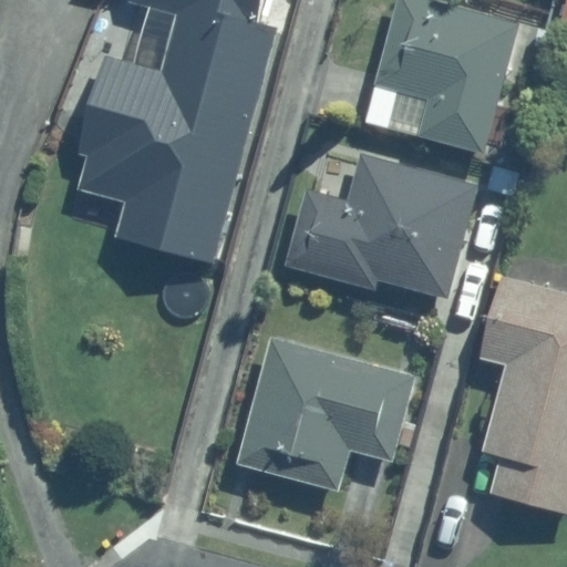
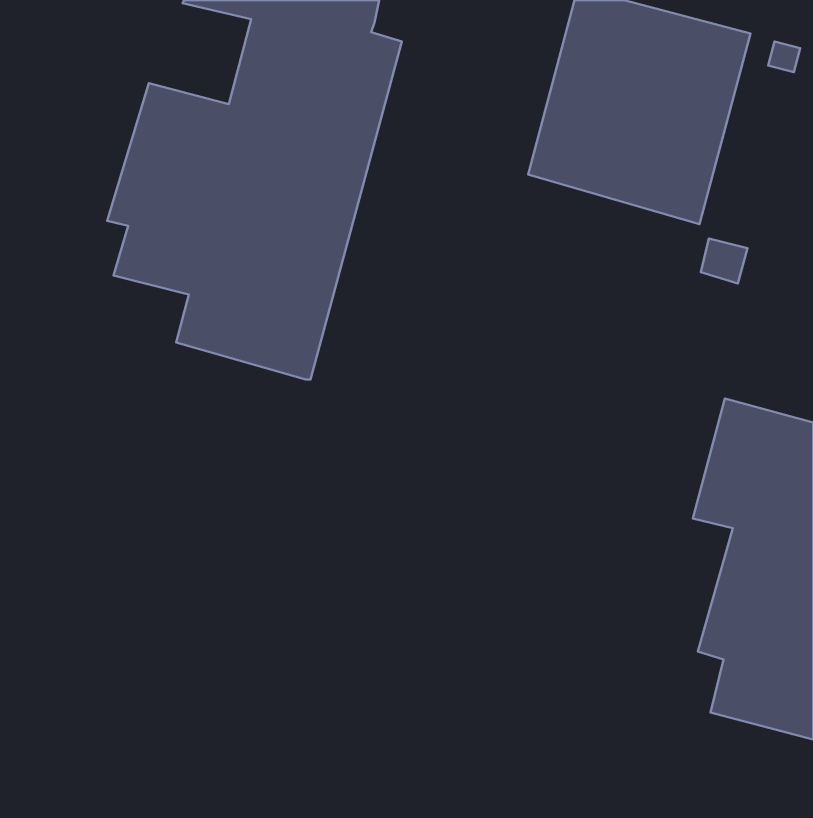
building: [284,154,478,300] -> none
building: [236,338,414,492] -> none

